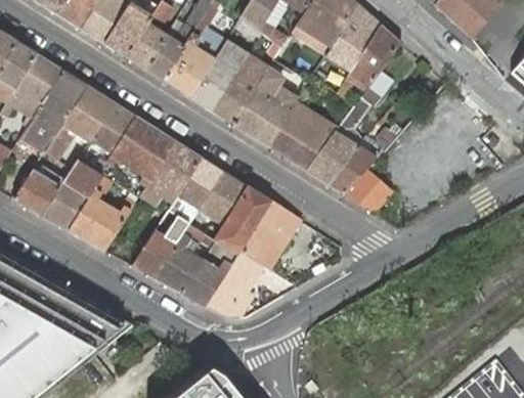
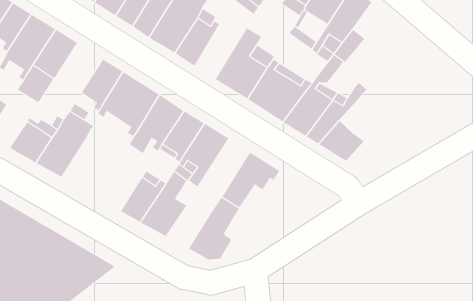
building: [212,57,267,124] -> none
building: [45,85,114,158] -> none
building: [70,177,139,250] -> none
building: [215,187,270,254] -> none
building: [181,259,230,305] -> none

